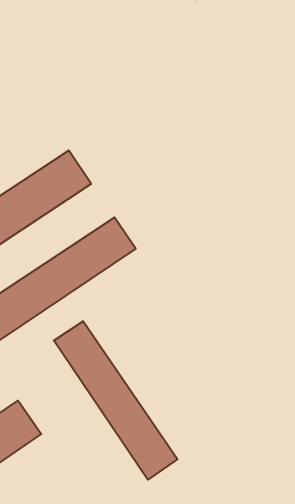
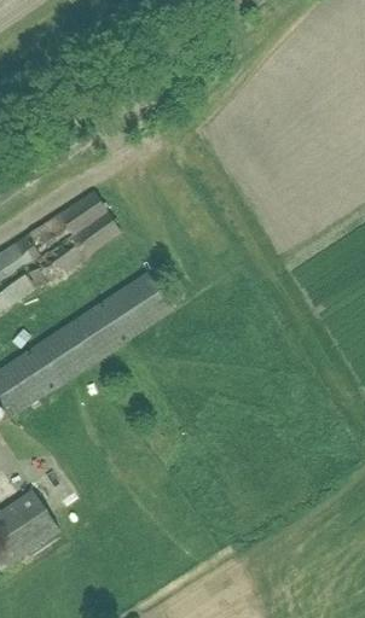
building: [54,321,177,480] -> none

